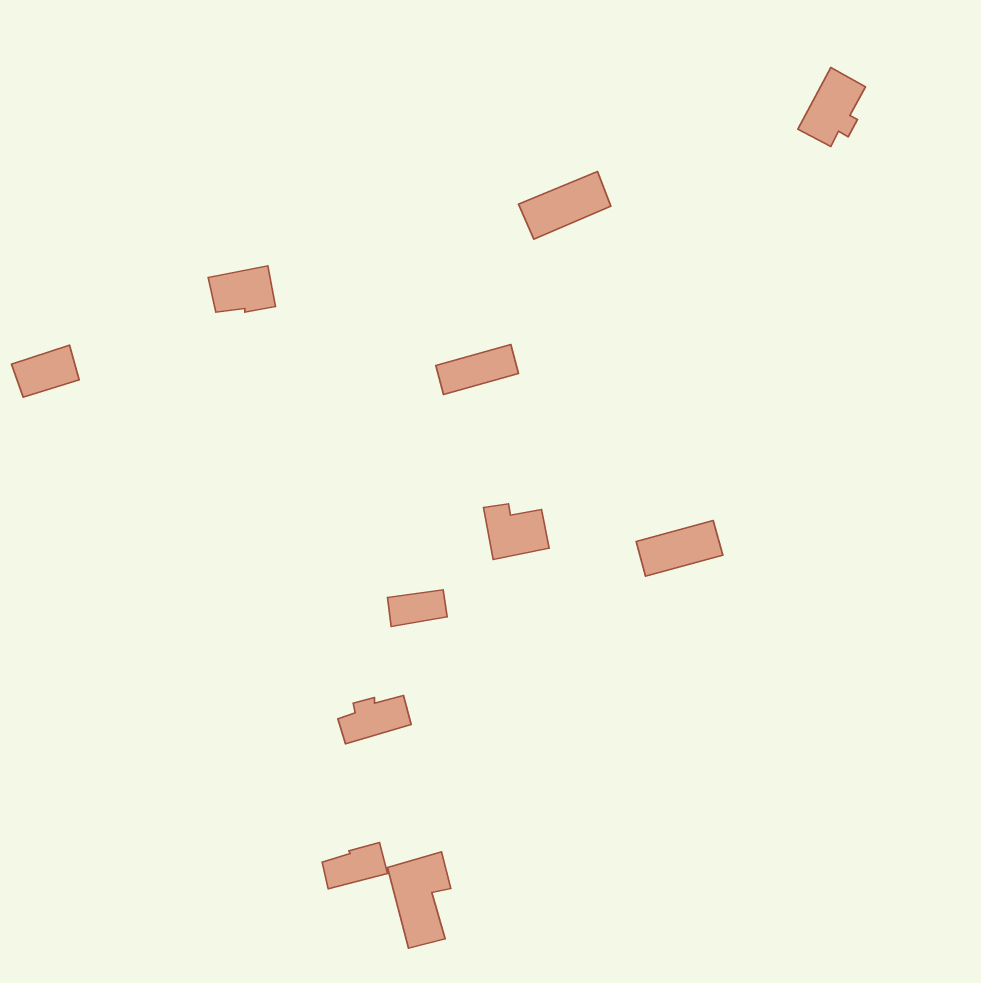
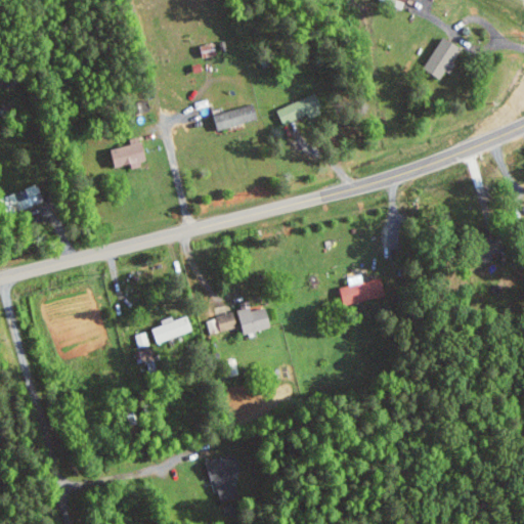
building: [436,344,519,395] -> [213,104,257,131]
building: [484,504,549,560] -> [236,305,271,335]
building: [338,696,411,744] -> [152,316,191,342]
building: [322,843,387,889] -> none

